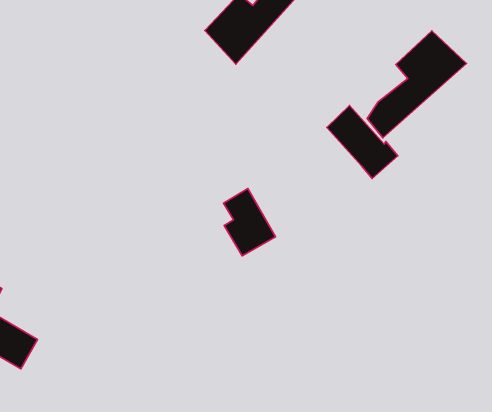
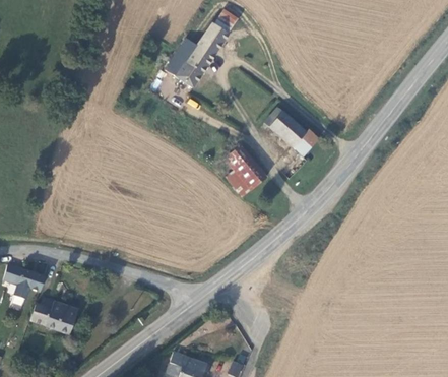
building: [367,31,466,138] -> none
building: [223,189,275,256] -> [223,143,265,193]

